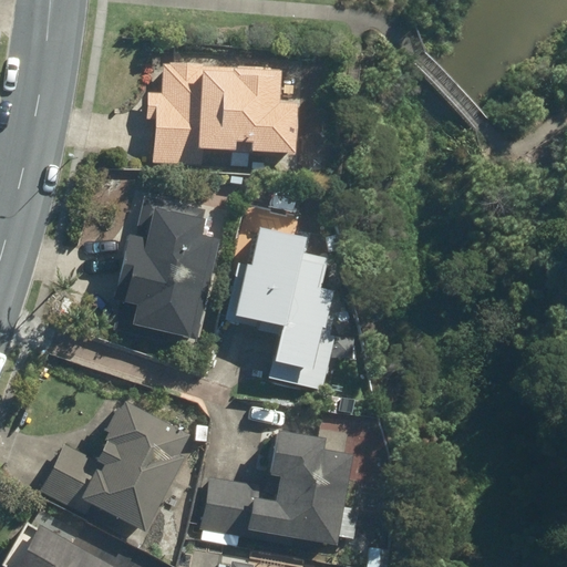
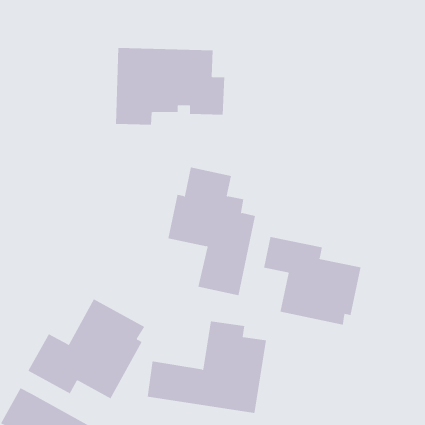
building: [113,193,218,339] -> none
building: none -> [264,236,361,326]

